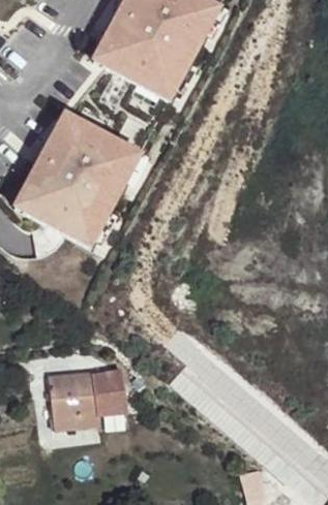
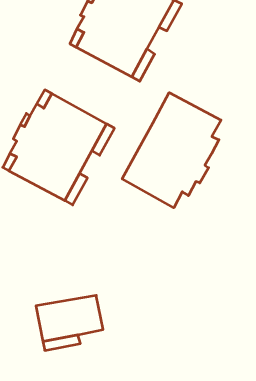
building: none -> [122,93,221,208]

